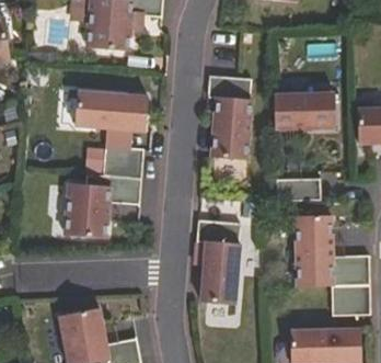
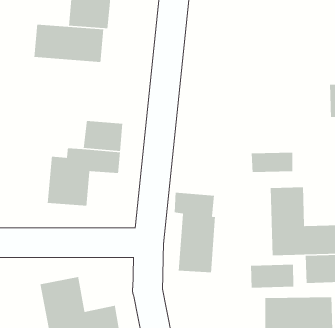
building: [207,76,251,160] -> none
building: [74,91,148,132] -> [33,24,104,63]
building: [274,93,335,129] -> none
building: none -> [250,264,294,288]

